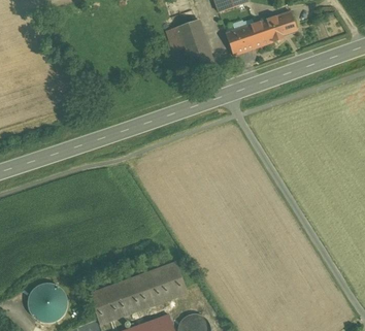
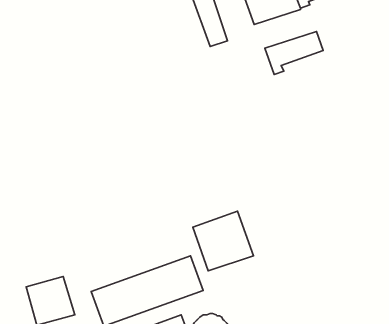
building: none -> [265,32,323,75]
building: none -> [193,211,254,271]

